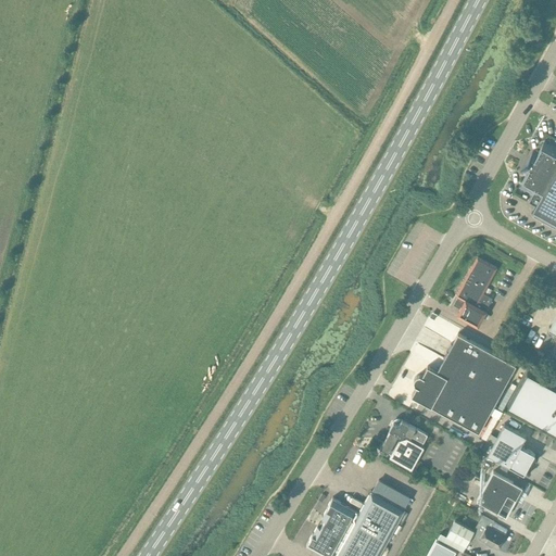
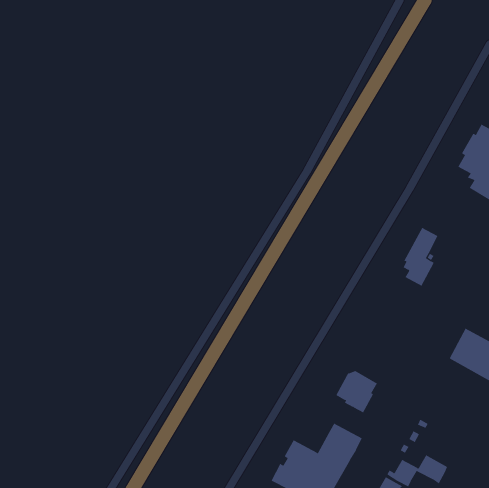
building: [413,336,517,434] -> none
building: [489,426,536,476] -> none
building: [478,473,526,520] -> none

